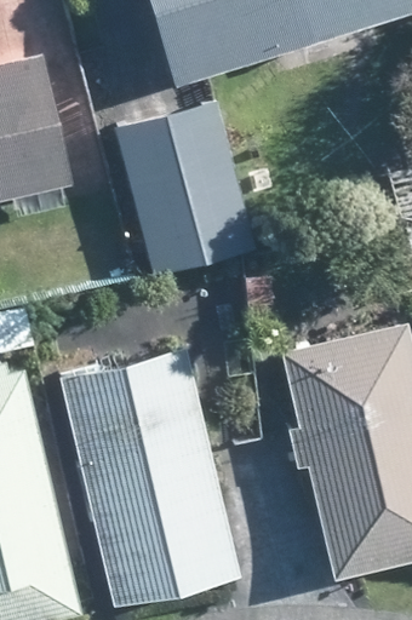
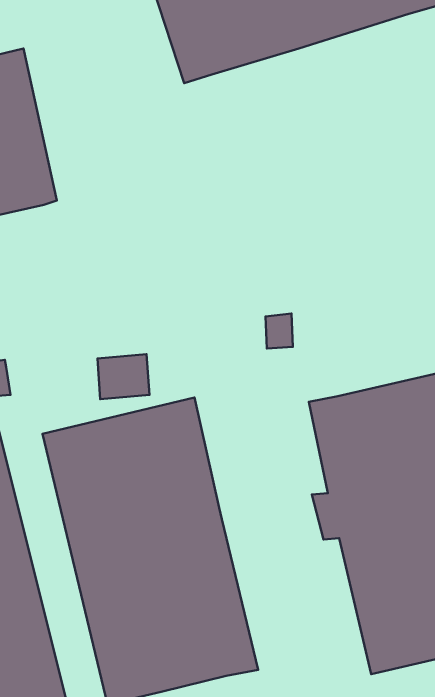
building: [116,109,253,274] -> none

